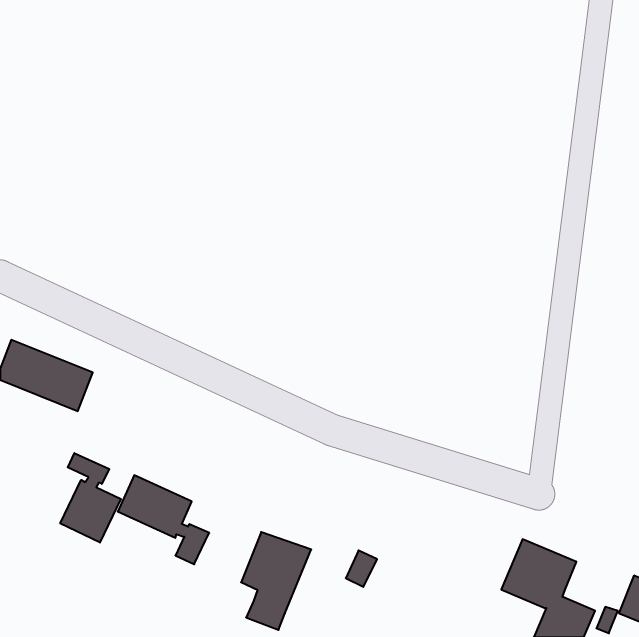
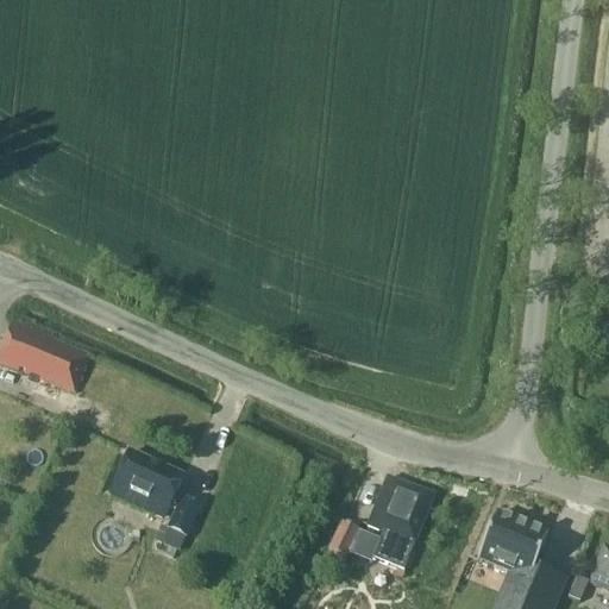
building: [60,453,121,543] -> none
building: [241,532,311,630] -> [368,477,434,570]

